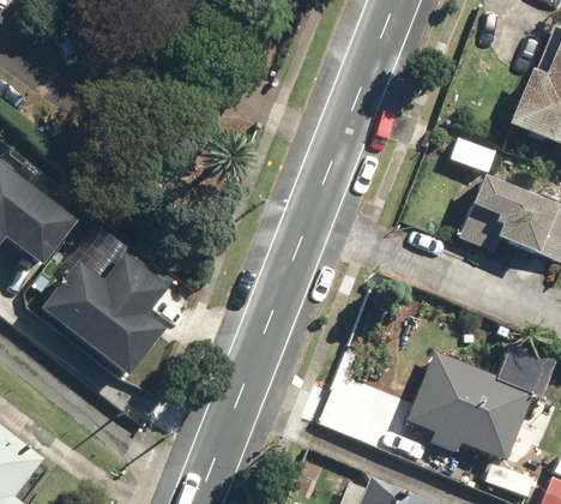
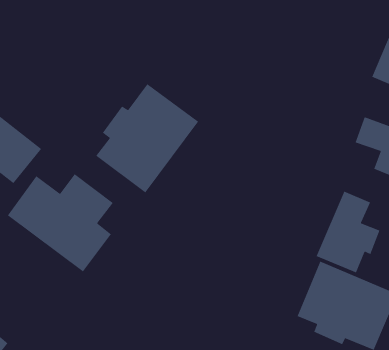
building: none -> [95,83,199,194]
building: none -> [316,190,380,274]

